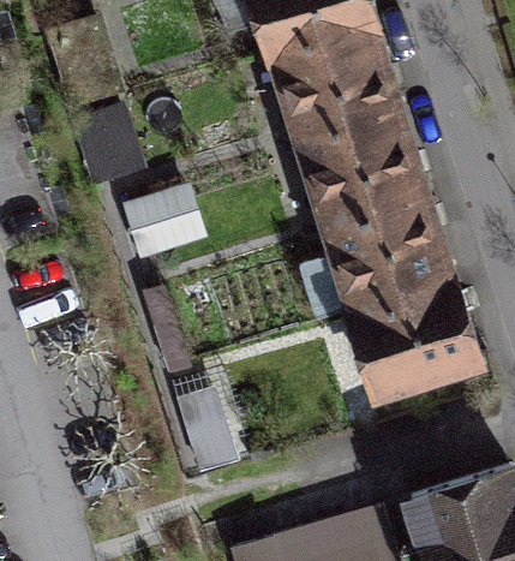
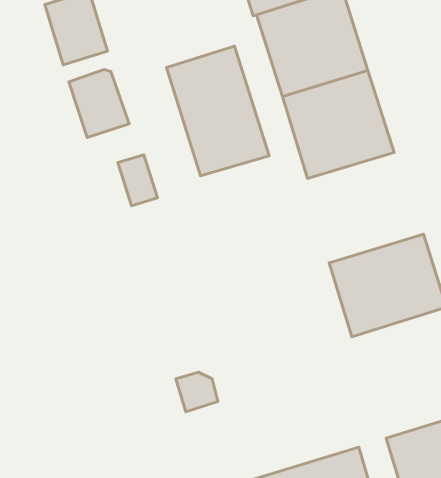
building: none -> [166,46,269,176]
building: [330,197,448,312] -> none

